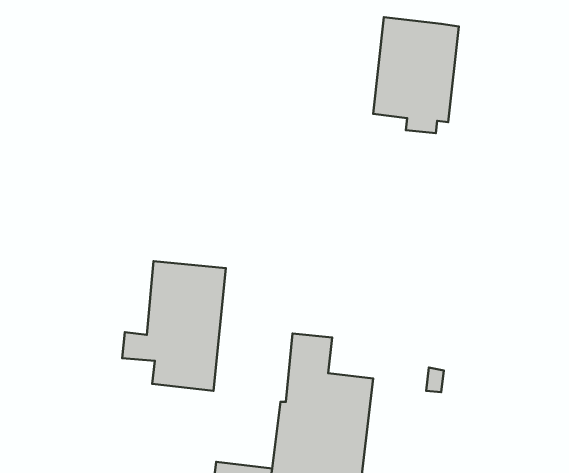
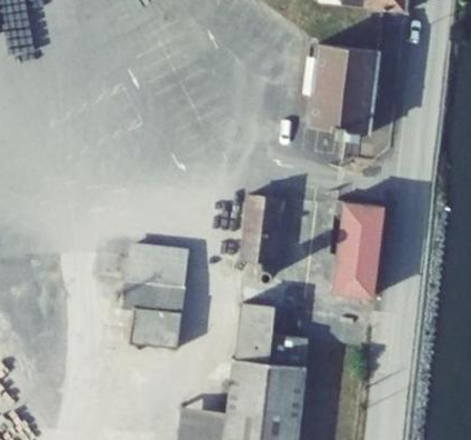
building: none -> [241,194,281,261]
building: none -> [333,200,383,296]

